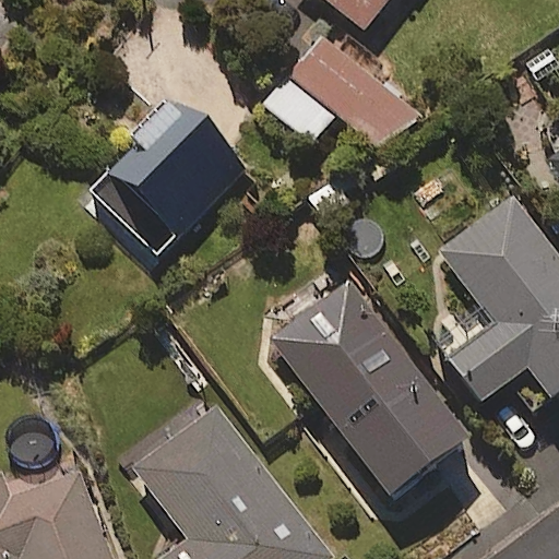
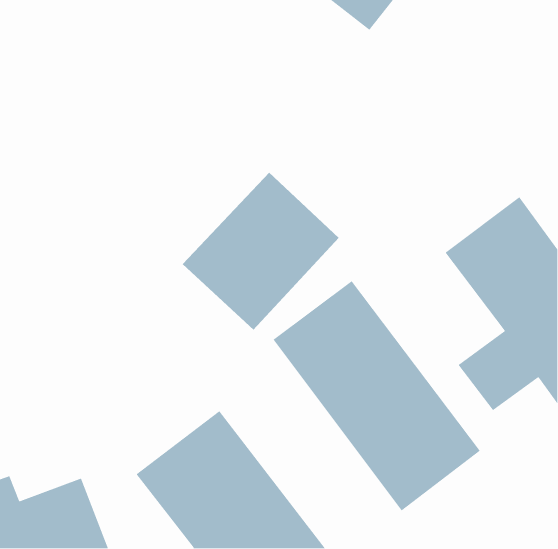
building: [264,33,416,150] -> none
building: [86,100,242,258] -> [182,172,340,330]

